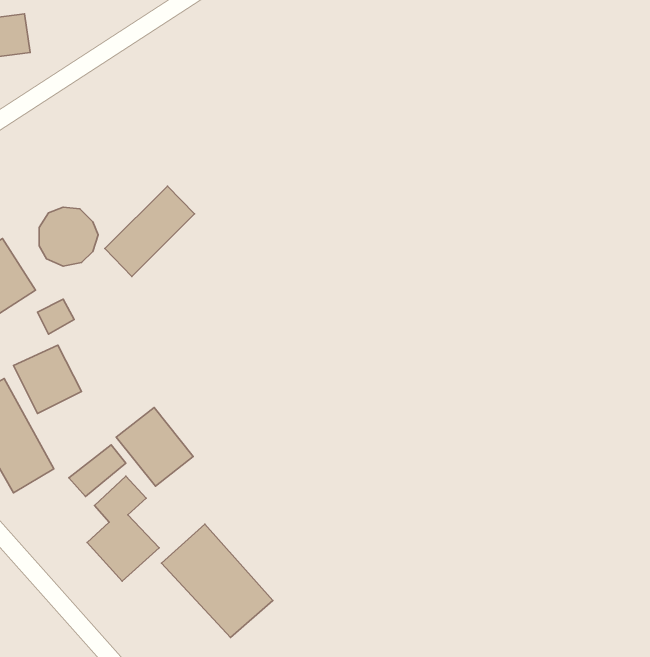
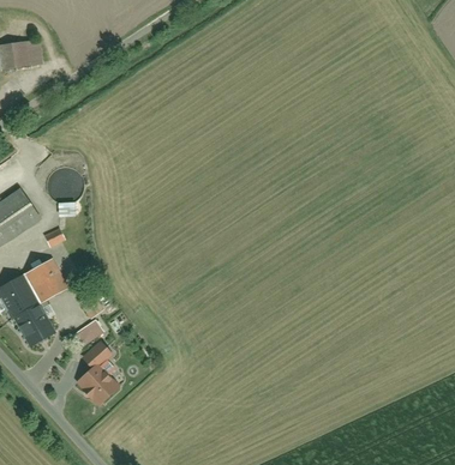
building: [105,186,195,276] -> none
building: [116,407,193,486] -> none
building: [162,524,273,637] -> none

